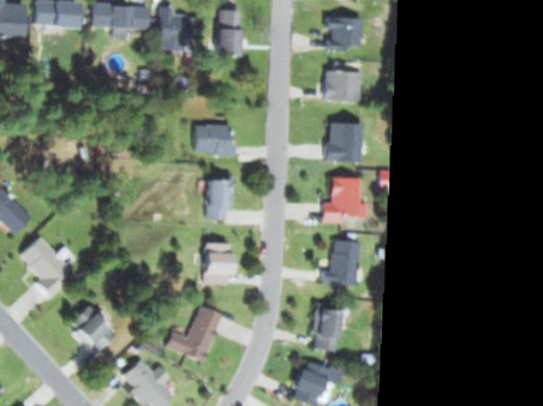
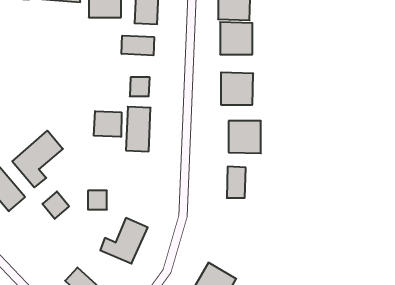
building: none -> [122,36,154,55]
building: none -> [94,111,121,137]
building: none -> [12,131,63,187]
building: [208,253,232,277] -> [88,191,107,210]
building: [311,305,346,350] -> none
building: [80,315,114,350] -> [42,191,69,219]

